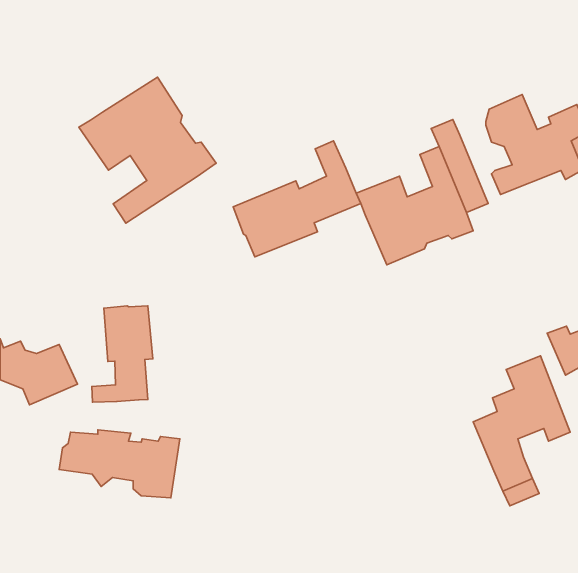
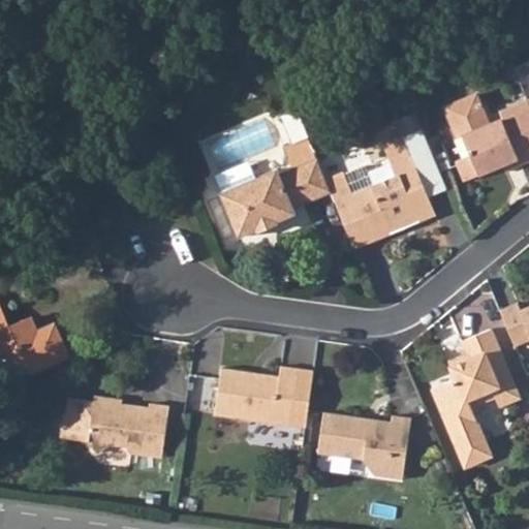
building: [79,77,216,223] -> none
building: [92,306,153,402] -> none
building: none -> [212,366,314,426]
building: none -> [312,415,410,485]

